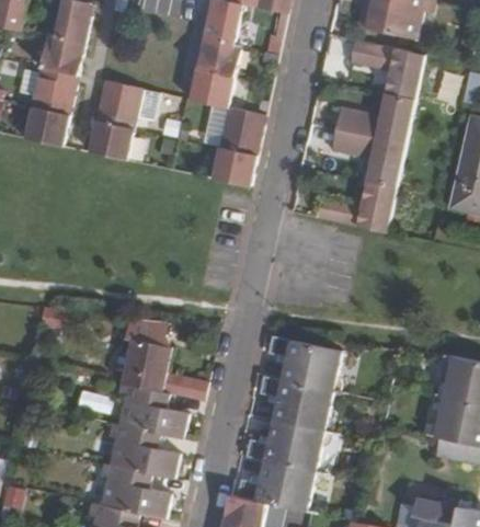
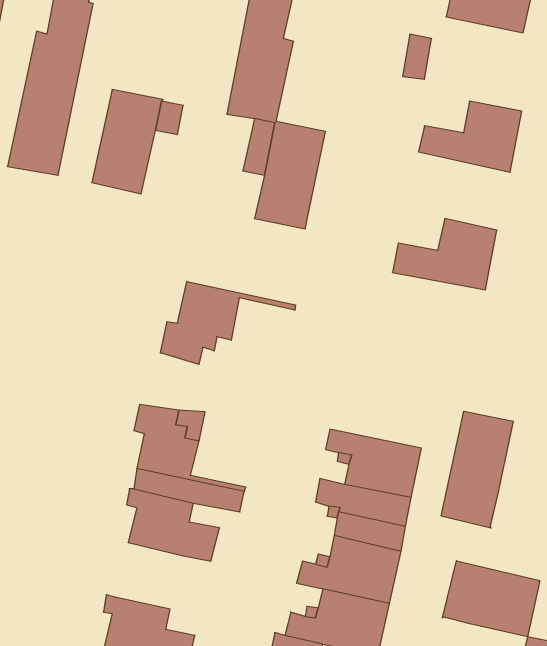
building: [350,41,424,98] -> none
building: [332,128,405,187] -> none
building: none -> [160,281,295,364]
building: none -> [441,411,513,528]
building: [107,422,175,478] -> none
building: none -> [442,561,540,637]

